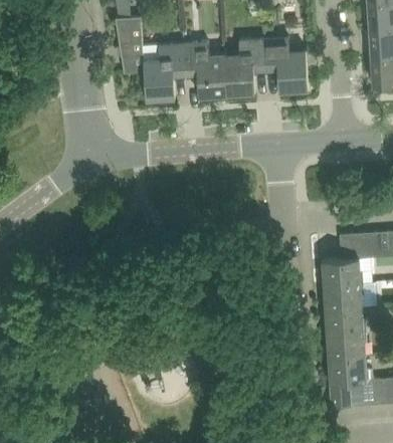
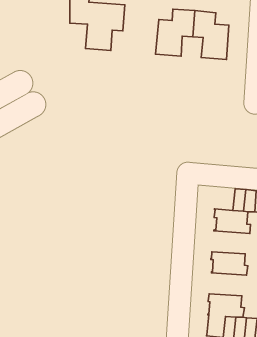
building: [183,43,226,96] -> none
building: [322,283,364,310] -> none
building: [326,331,367,359] -> none

